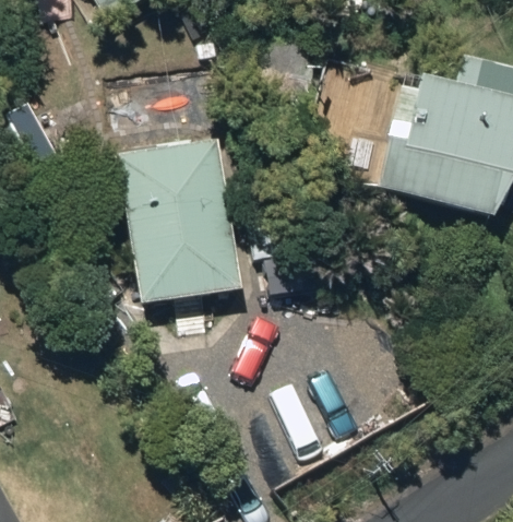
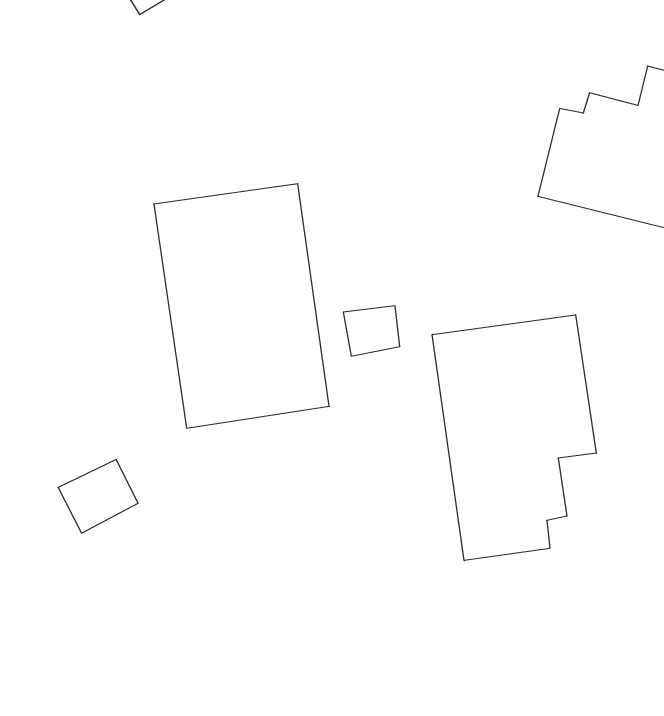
building: none -> [432,315,596,561]

